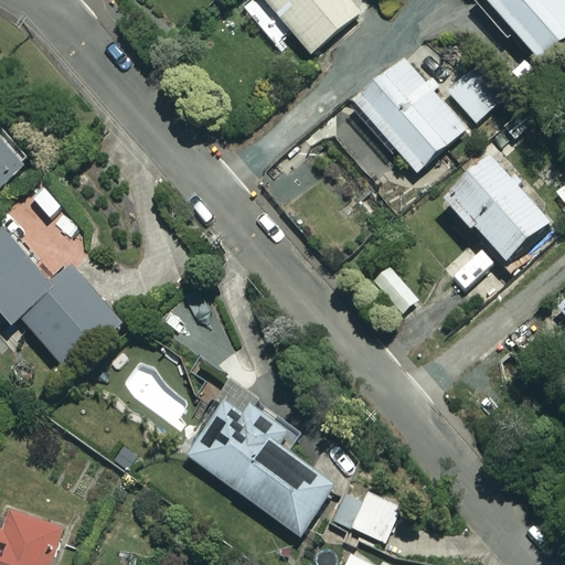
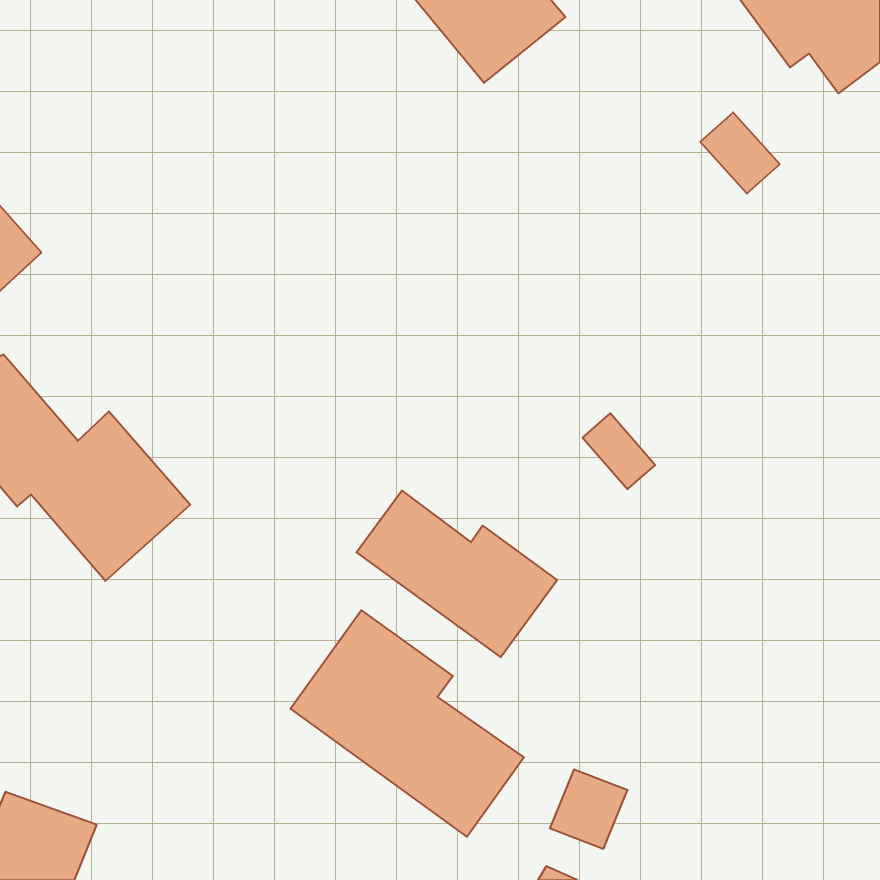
building: [349,57,465,171] -> none
building: [440,151,550,259] -> none
building: none -> [356,490,557,657]

